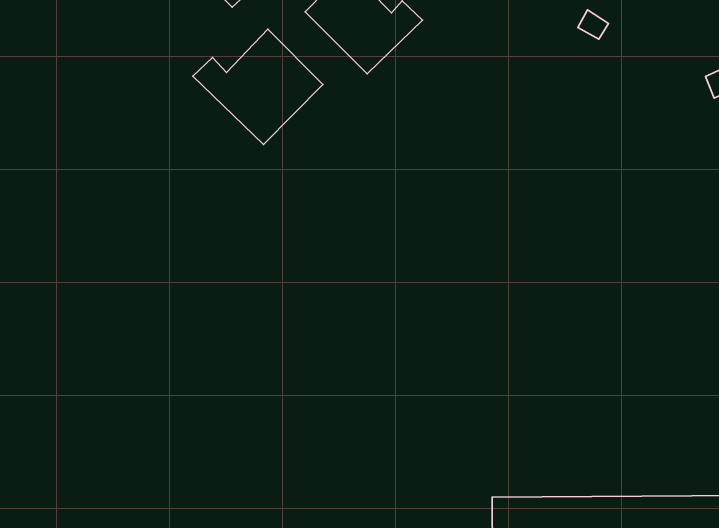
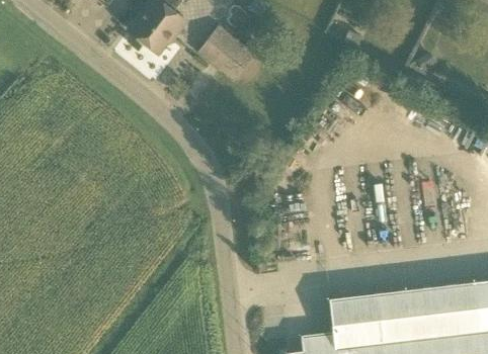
building: [193,29,323,144] -> none

